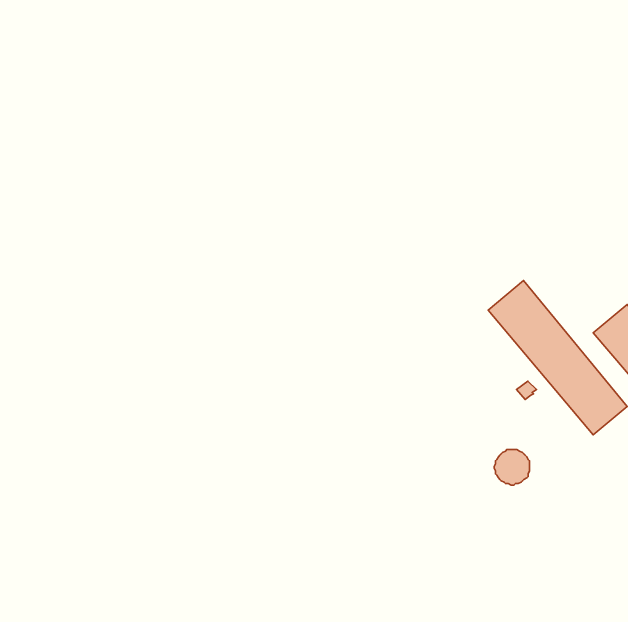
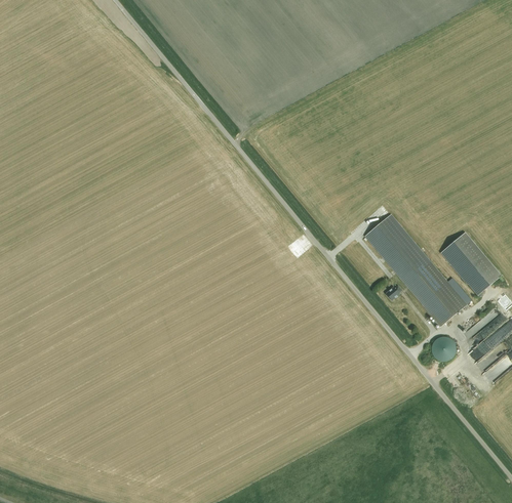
building: [494,450,530,485] -> [430,336,456,362]

